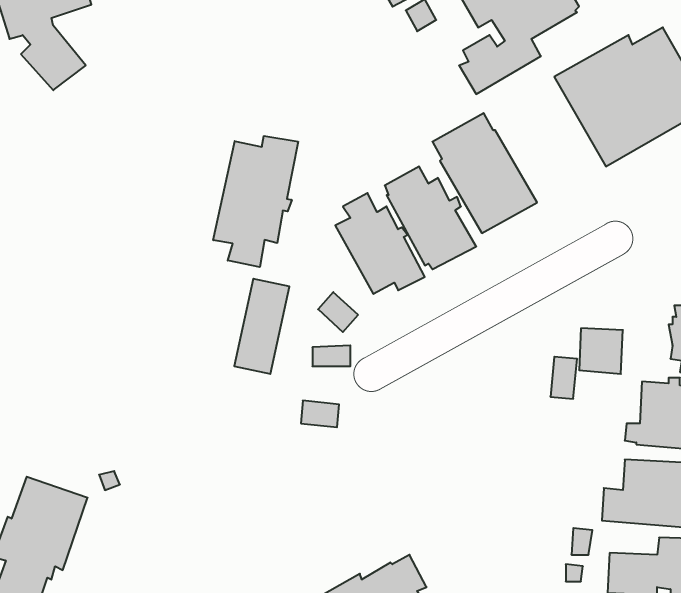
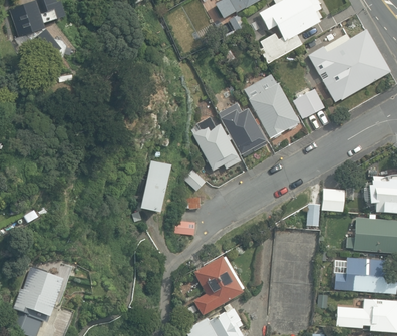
building: [213,136,298,267] -> none
building: none -> [296,89,325,117]
building: none -> [193,255,244,315]

